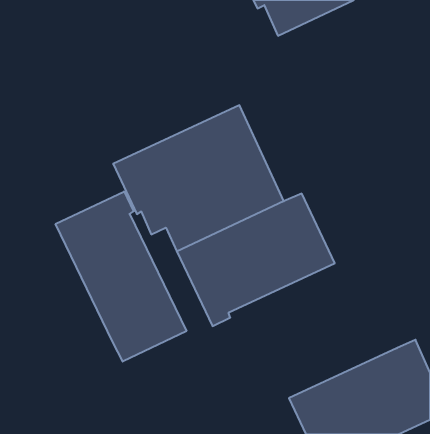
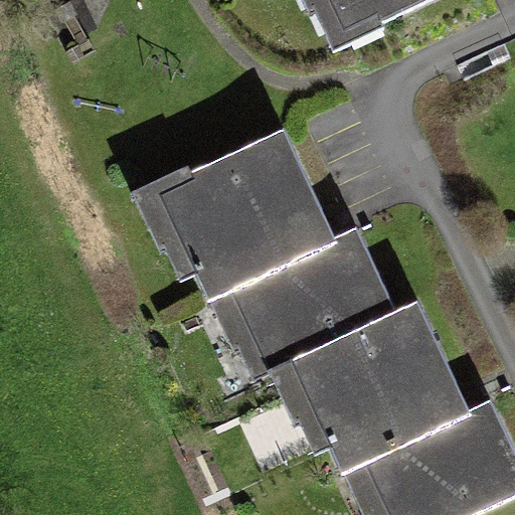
building: [56,191,186,362] -> none
building: none -> [271,302,470,472]

